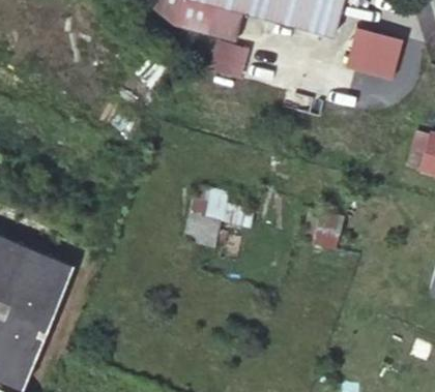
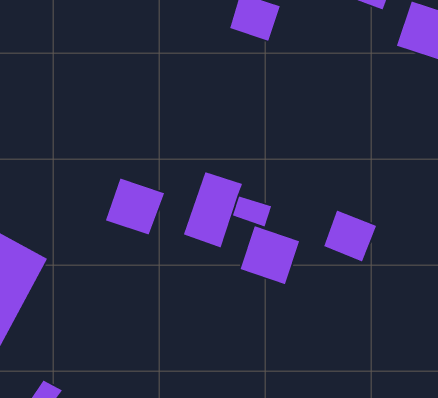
building: none -> [105,177,165,236]
building: none -> [239,225,300,285]

